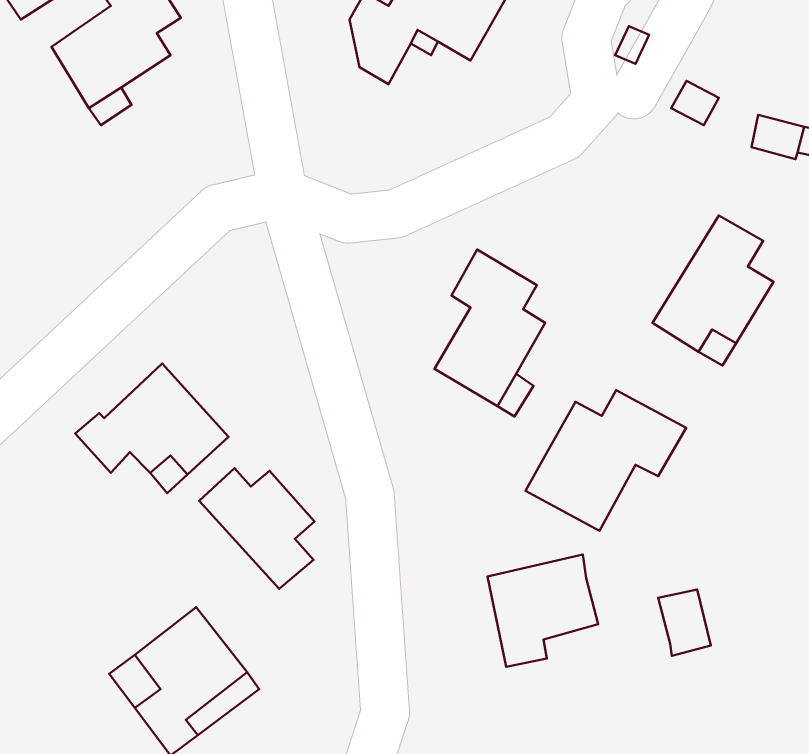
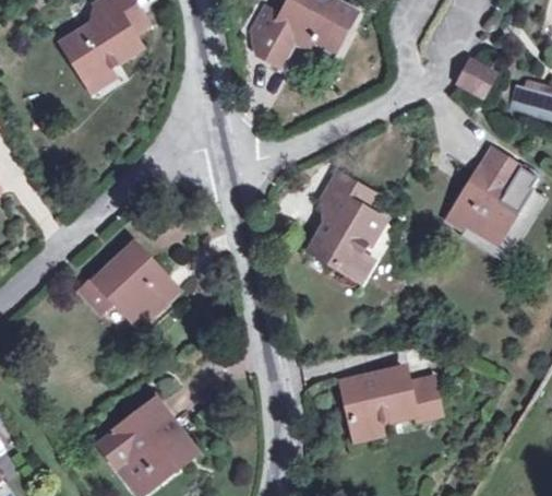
building: [526,390,686,531] -> none
building: [199,468,315,589] -> none
building: [658,589,711,656] -> [406,377,440,420]

